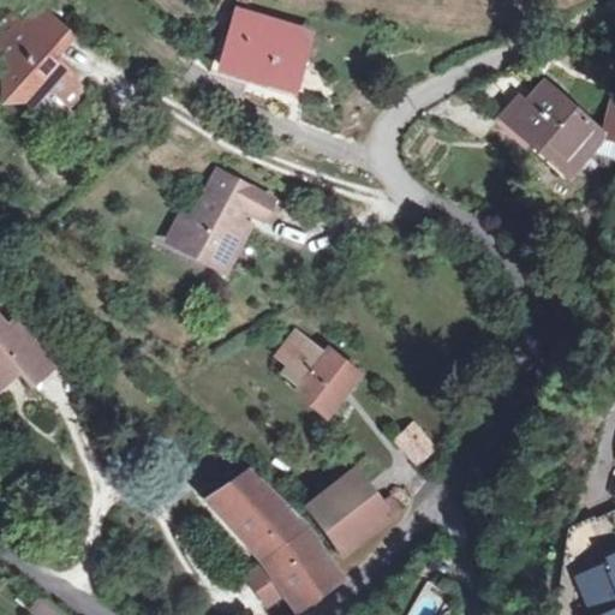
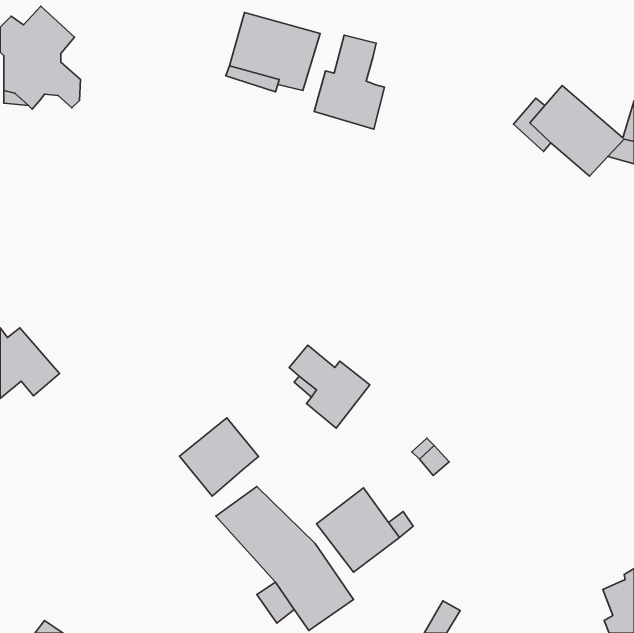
building: none -> [314,35,384,129]
building: [171,172,271,268] -> none
building: none -> [180,418,259,496]

